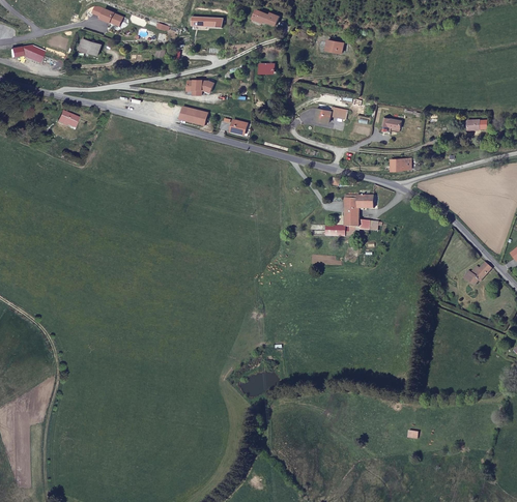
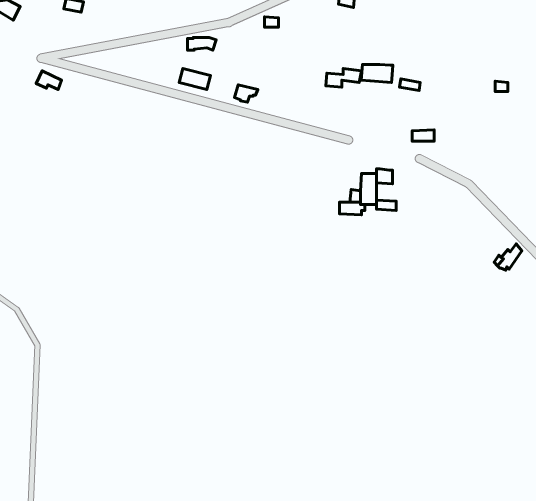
building: none -> [361,64,393,82]

